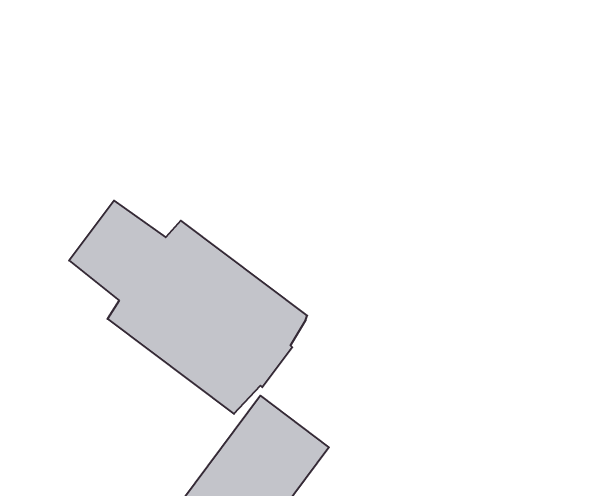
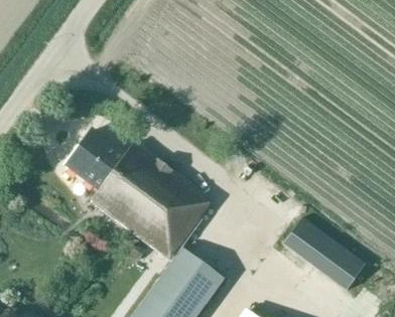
building: none -> [283,216,367,290]

